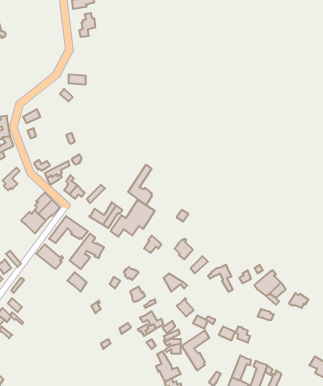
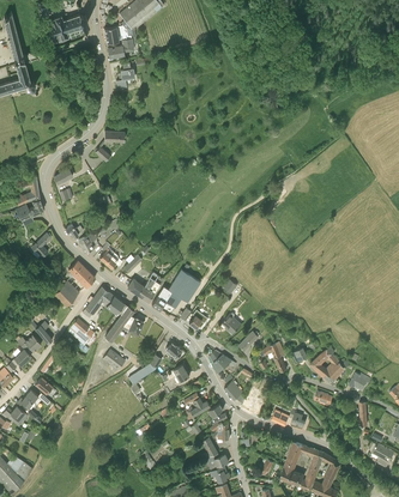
building: [128,165,152,205] -> none
building: [182,330,209,371] -> none

